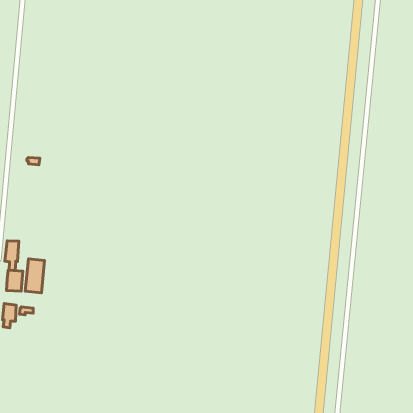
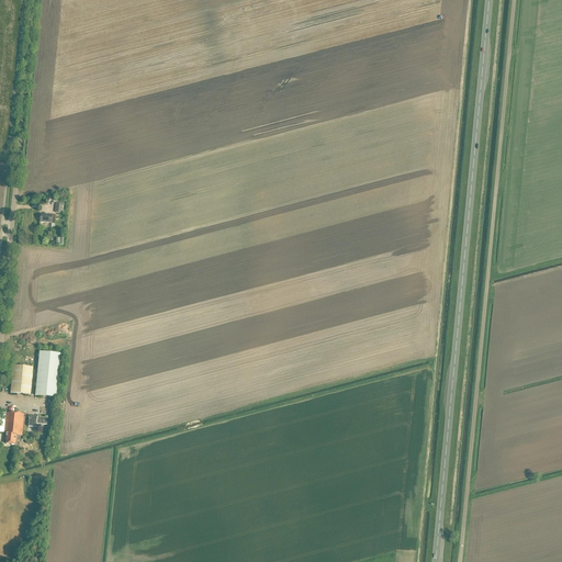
building: [5,241,19,270] -> none

